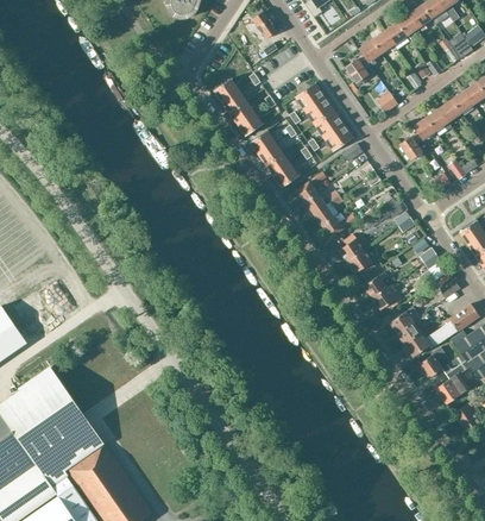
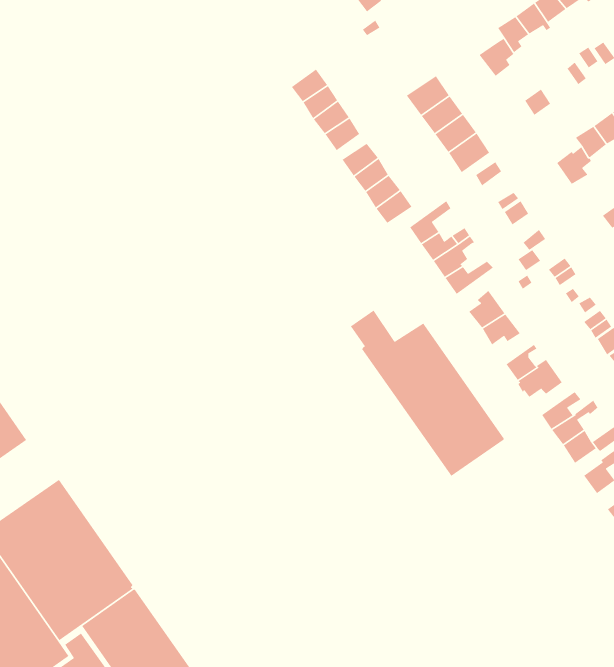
building: none -> [350,310,505,477]

